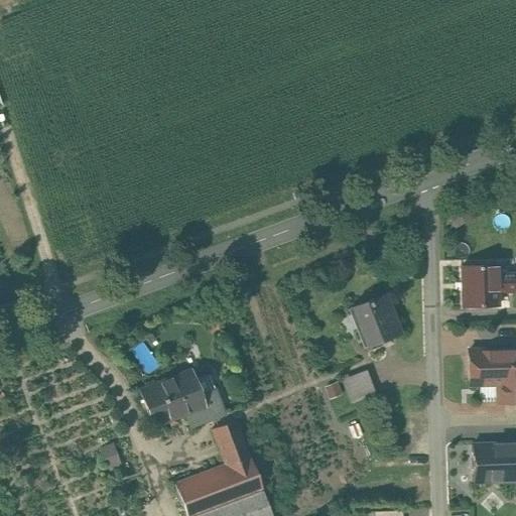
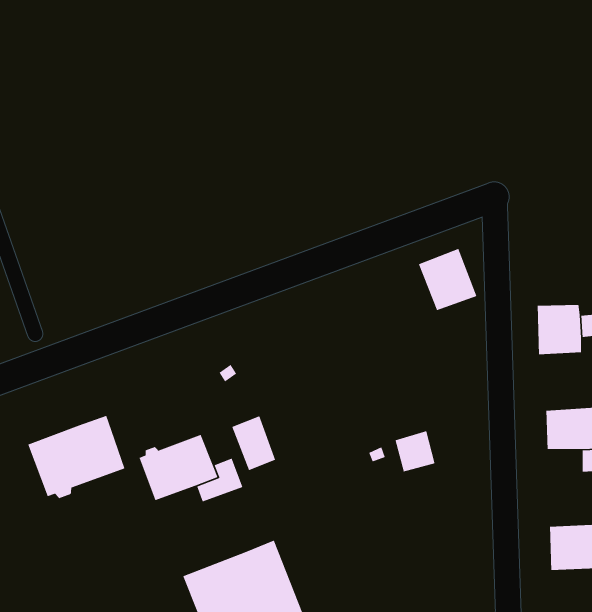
building: [353,294,401,346] -> [418,248,478,311]
building: none -> [27,415,125,499]
building: [214,420,250,466] -> [231,415,276,471]

